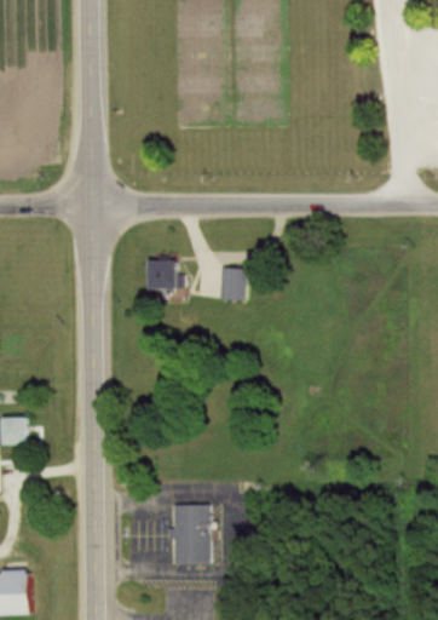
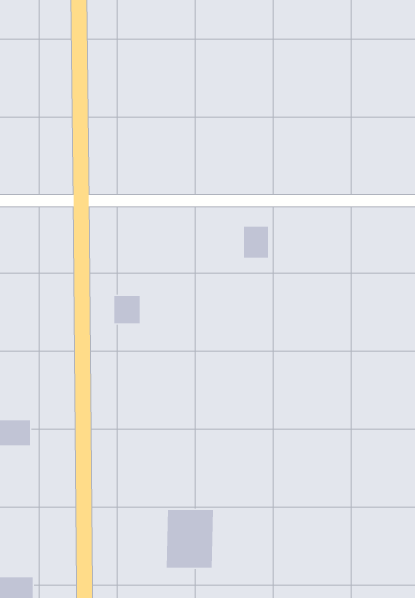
building: [156,260,183,288] -> [113,296,140,324]
building: [219,268,244,299] -> [243,226,269,258]

